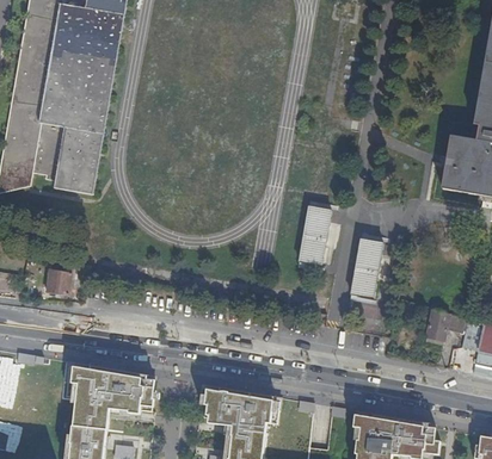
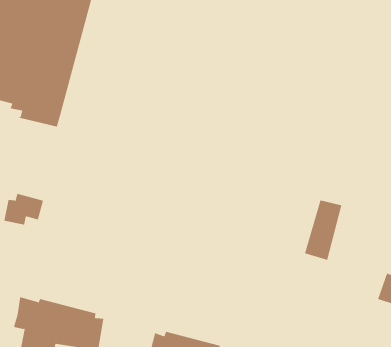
building: [296,209,330,268] -> none

